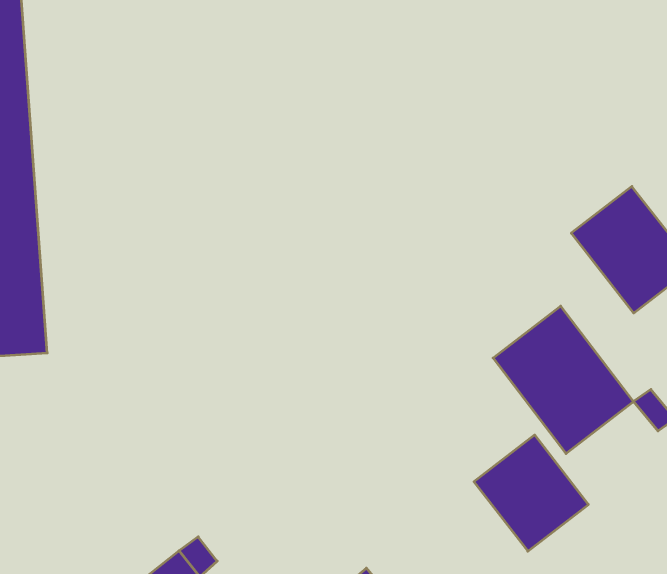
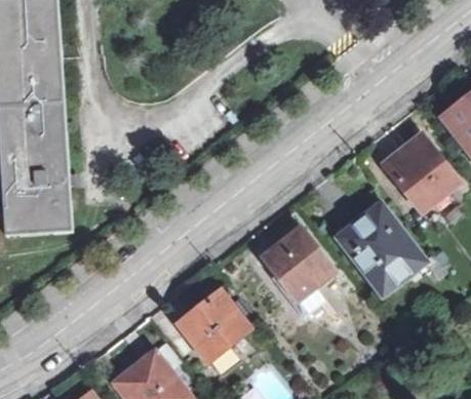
building: [474,435,588,551] -> [262,228,329,296]
building: none -> [176,292,243,357]

